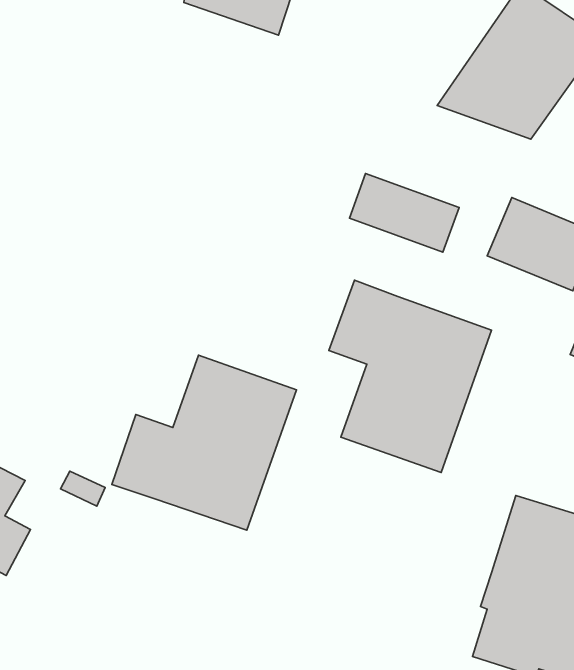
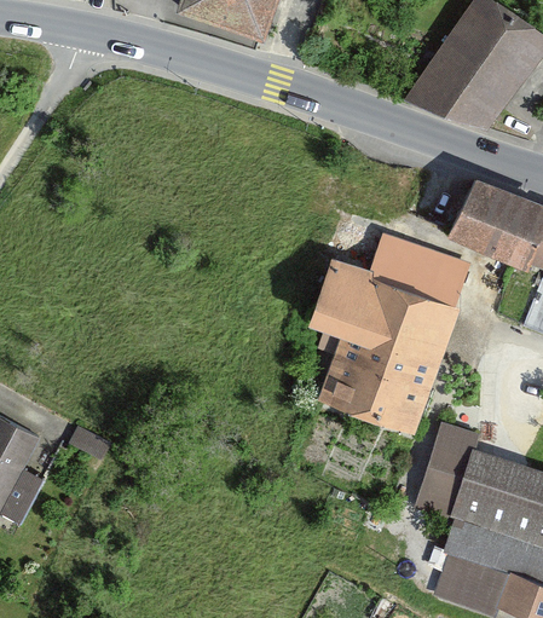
building: [349,174,459,252] -> [370,232,468,302]
building: [112,355,296,530] -> none
building: none -> [415,423,480,519]

